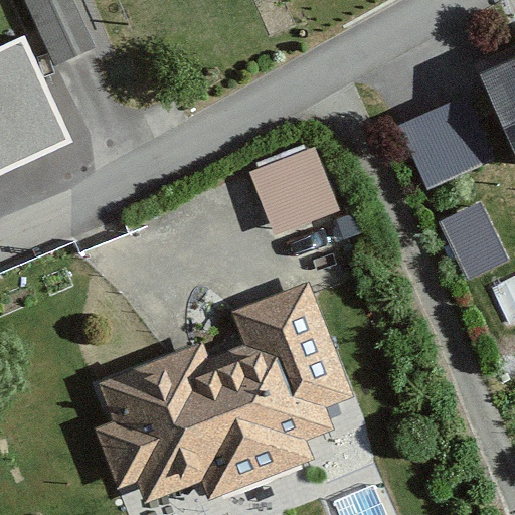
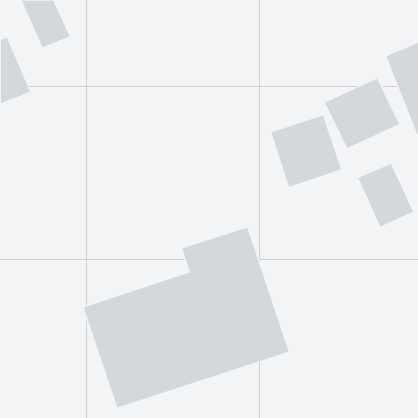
building: [252,151,339,239] -> [270,115,342,188]

